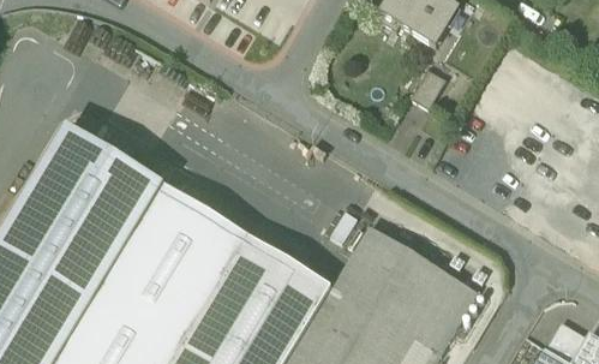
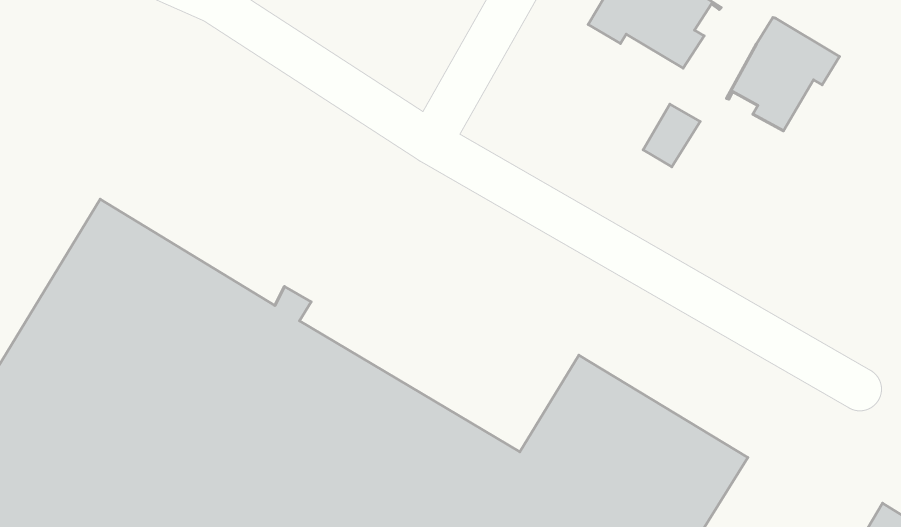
building: none -> [727,18,840,131]

